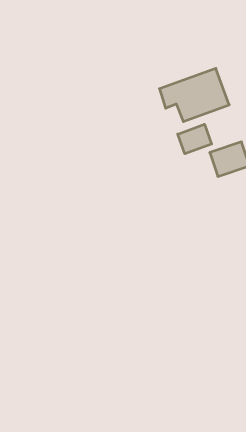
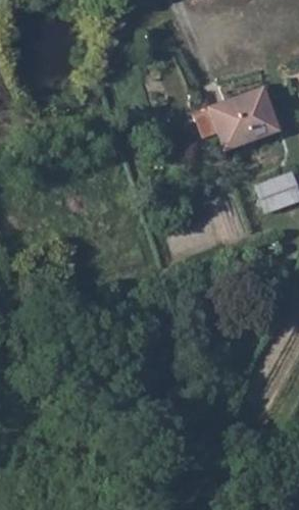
building: [178,124,212,154] -> none

